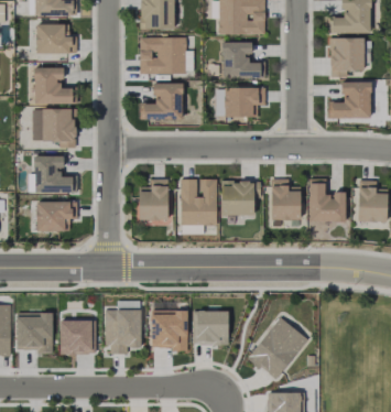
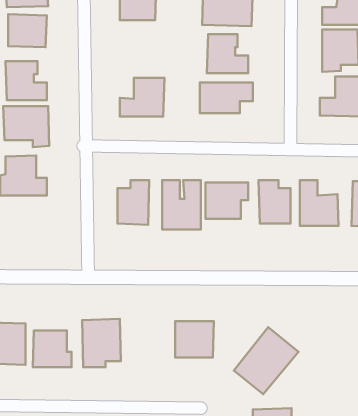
building: [140,37,194,73] -> none
building: [37,200,77,231] -> none
building: [152,310,188,349] -> none

